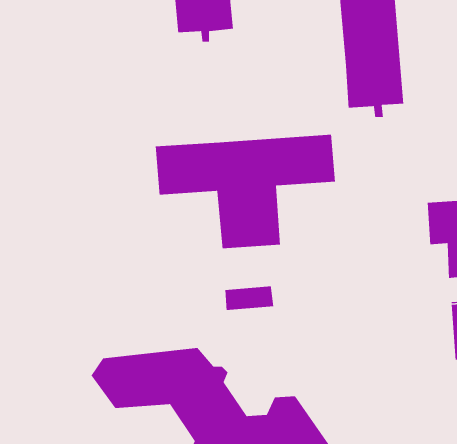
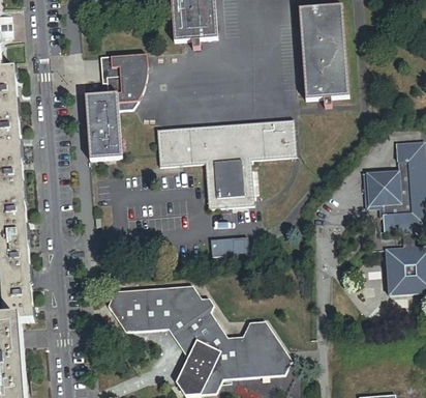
building: none -> [85,54,148,159]

